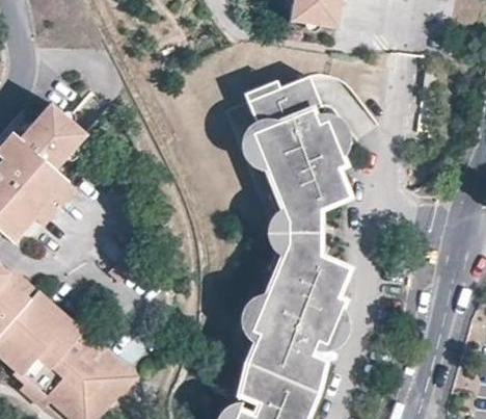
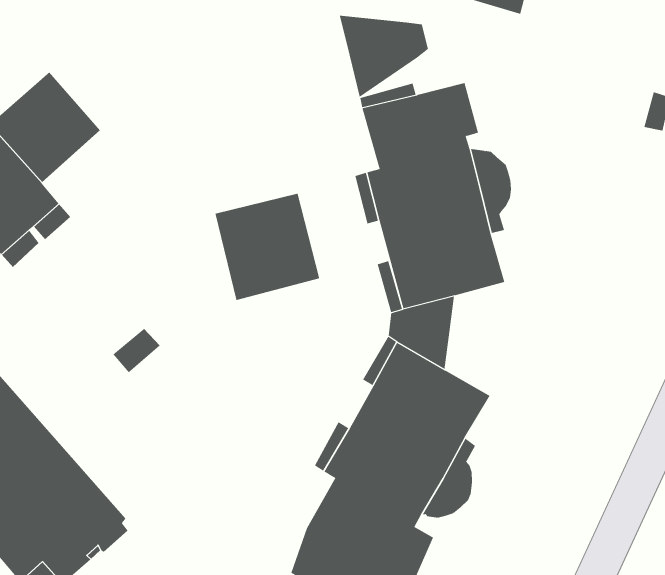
building: none -> [339,15,429,98]
building: none -> [215,193,320,301]

